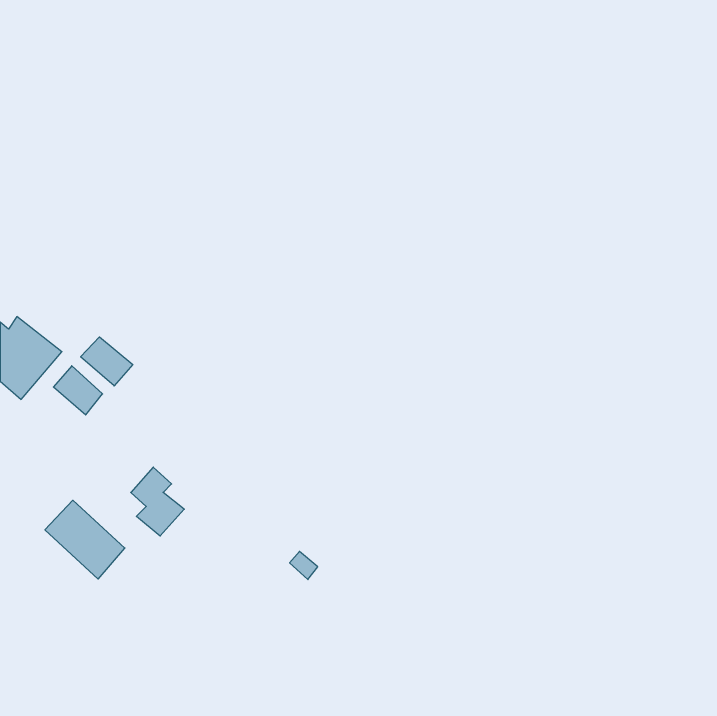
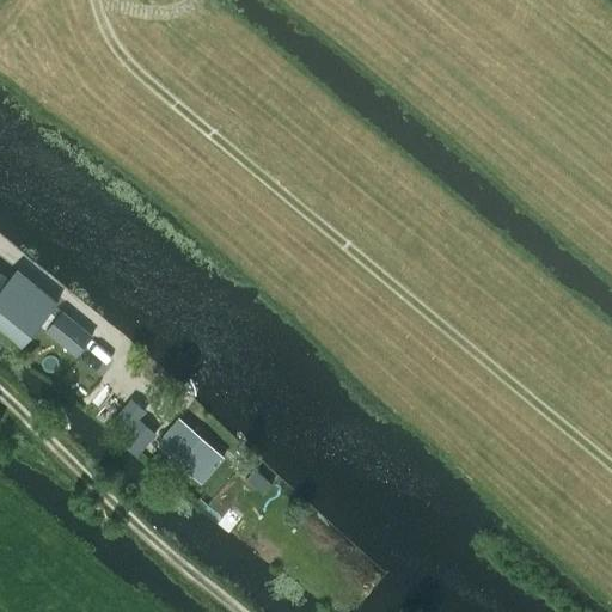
building: [81,337,133,386] -> none
building: [45,500,125,579] -> [158,420,226,486]

